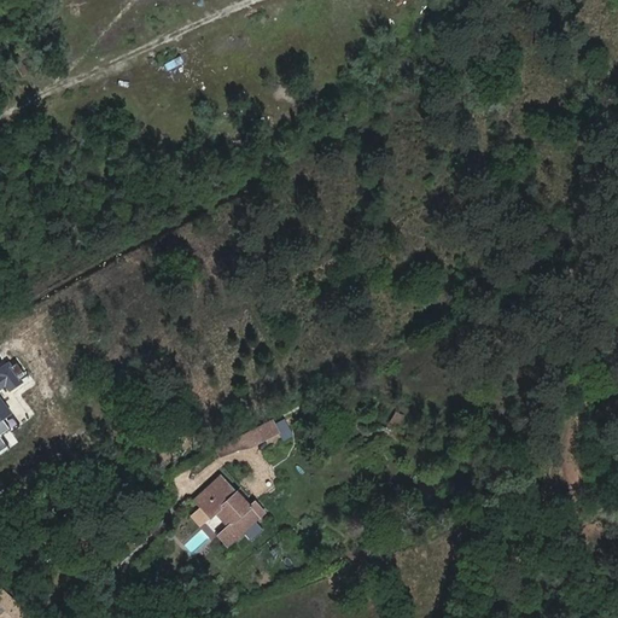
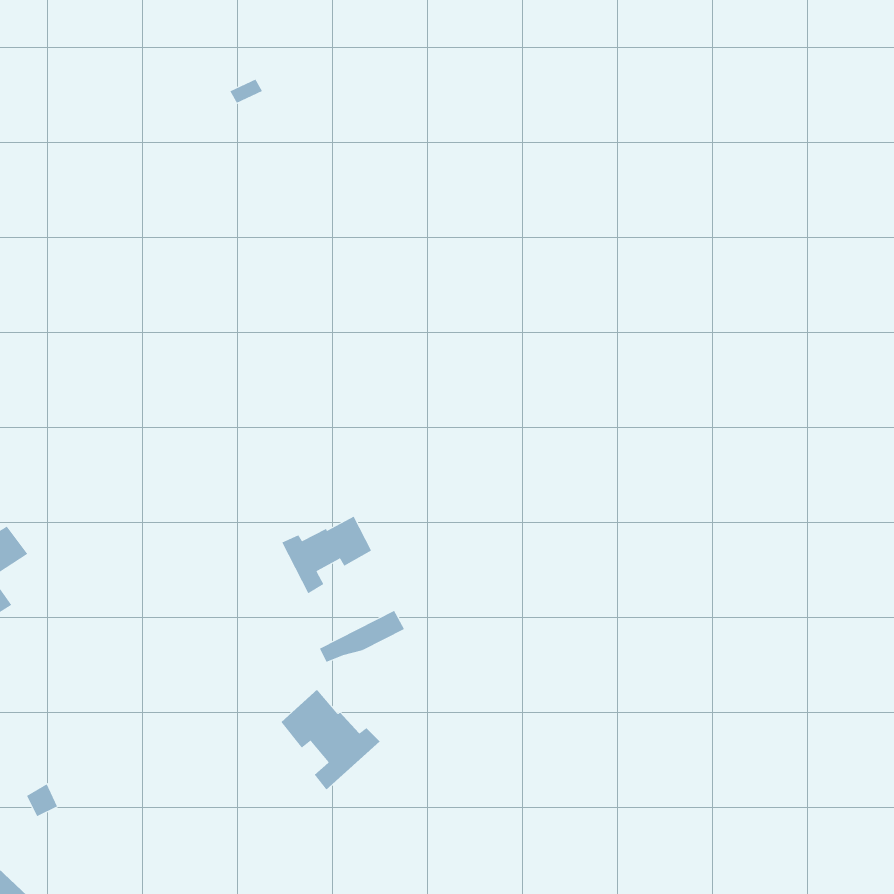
building: none -> [282,516,372,594]

